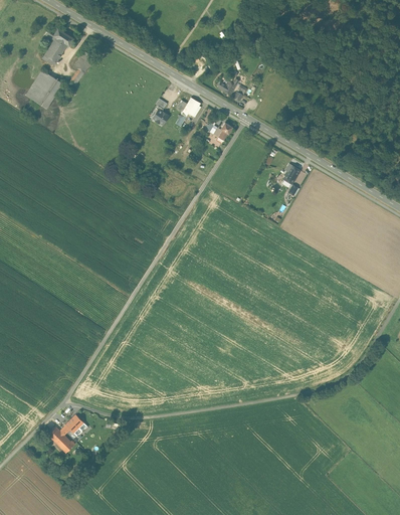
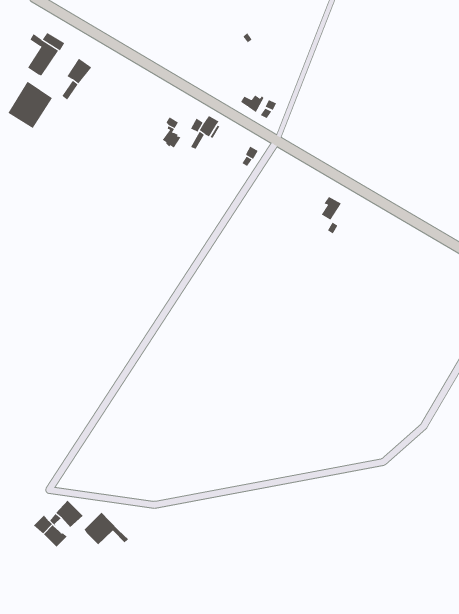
building: none -> [84,512,129,545]

